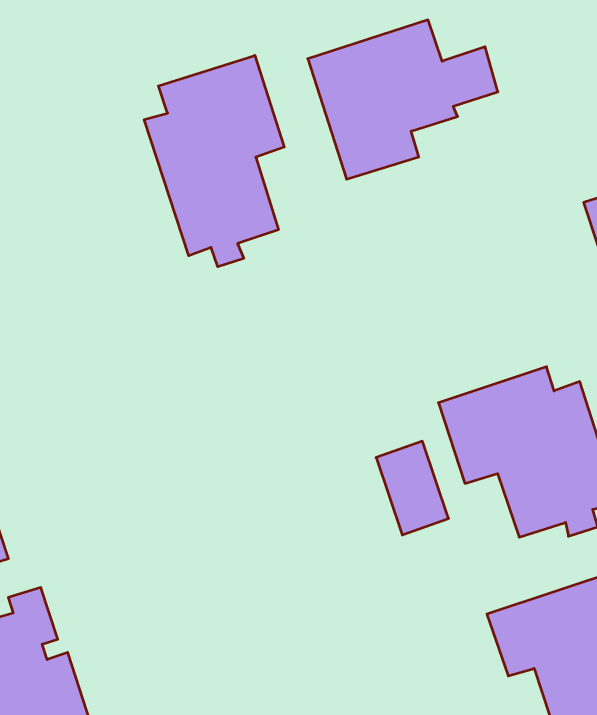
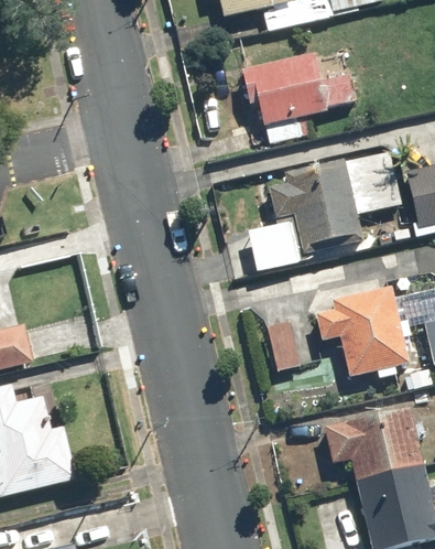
building: [144,55,284,267] -> none
building: none -> [248,151,406,271]

